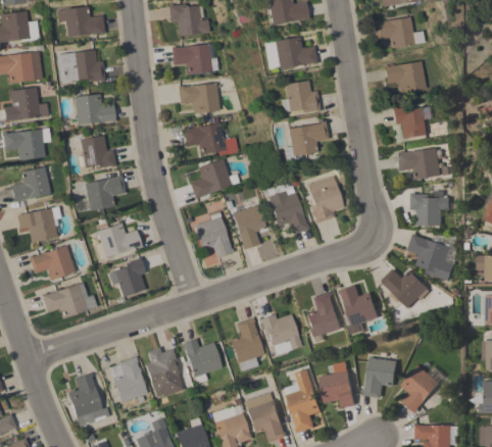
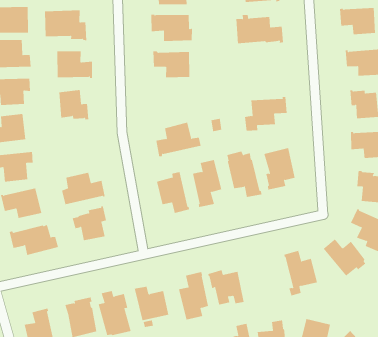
building: [282,80,321,112] -> none
building: [184,117,239,155] -> none
building: [85,175,126,210] -> none
building: [306,292,341,343] -> none

